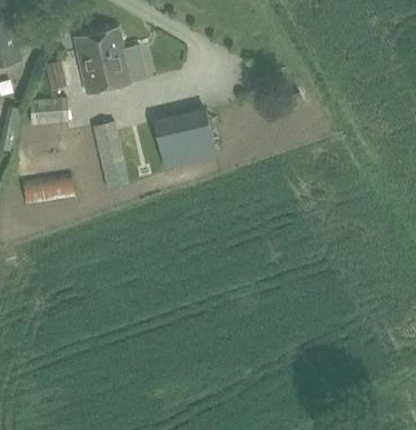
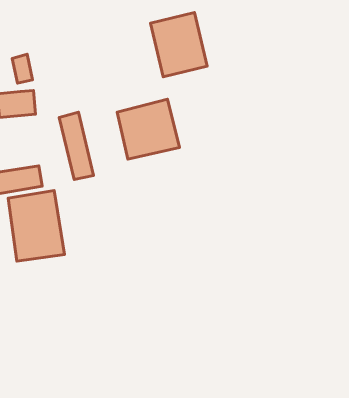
building: [73,28,132,94] -> [150,13,207,77]
building: none -> [8,191,64,261]

